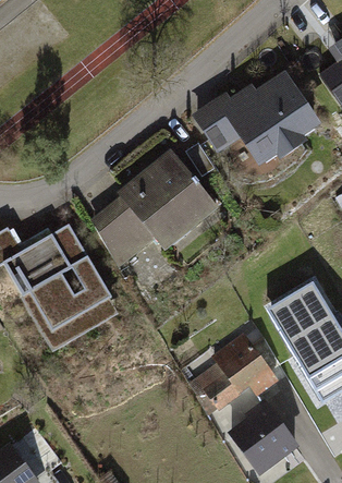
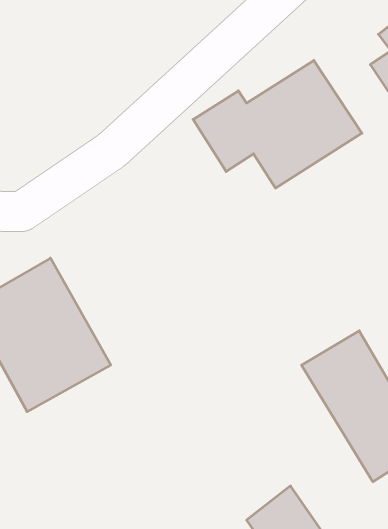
building: [93,148,220,263] -> none
building: [197,327,283,410] -> none

